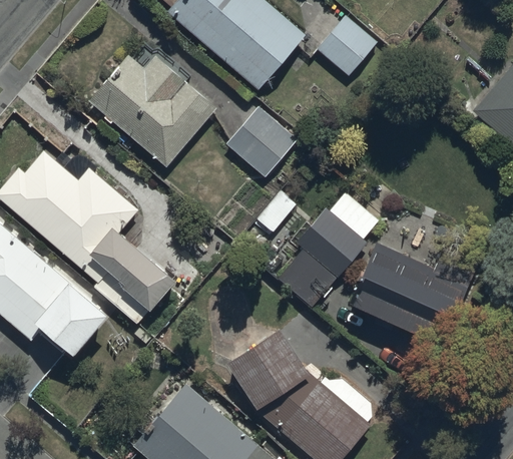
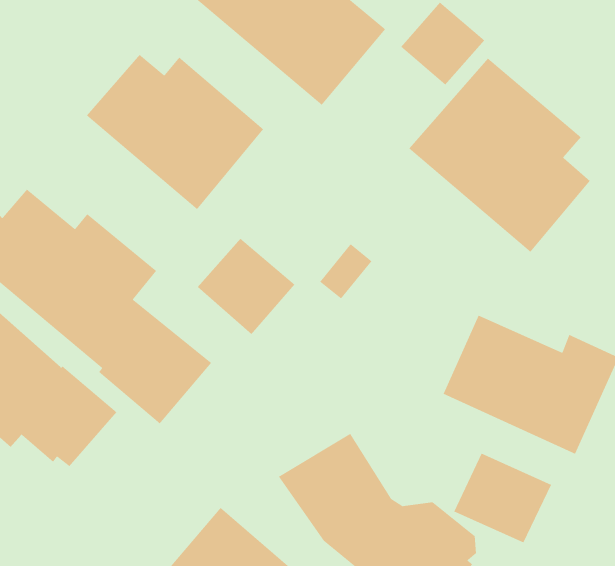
building: none -> [408,57,591,253]
building: [225,107,298,178] -> [197,238,296,335]
building: [279,193,378,305] -> none
building: none -> [453,453,552,544]

